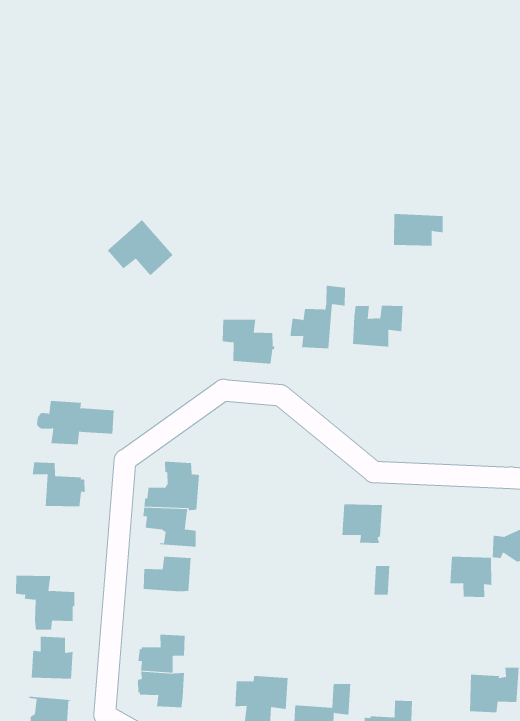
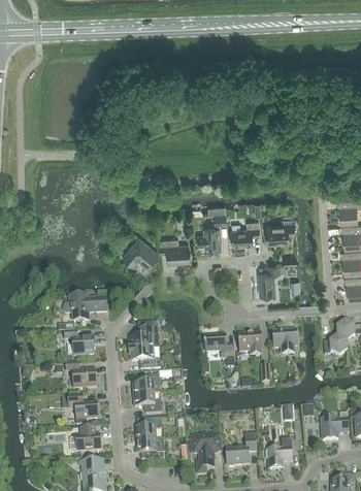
building: [393,214,444,246] -> [265,223,294,242]
building: [107,219,173,276] -> [121,236,158,267]
building: none -> [258,264,284,294]
building: none -> [203,334,234,366]
building: none -> [65,362,96,387]
building: [449,556,492,598] -> [272,329,297,353]
building: none -> [133,393,161,413]

